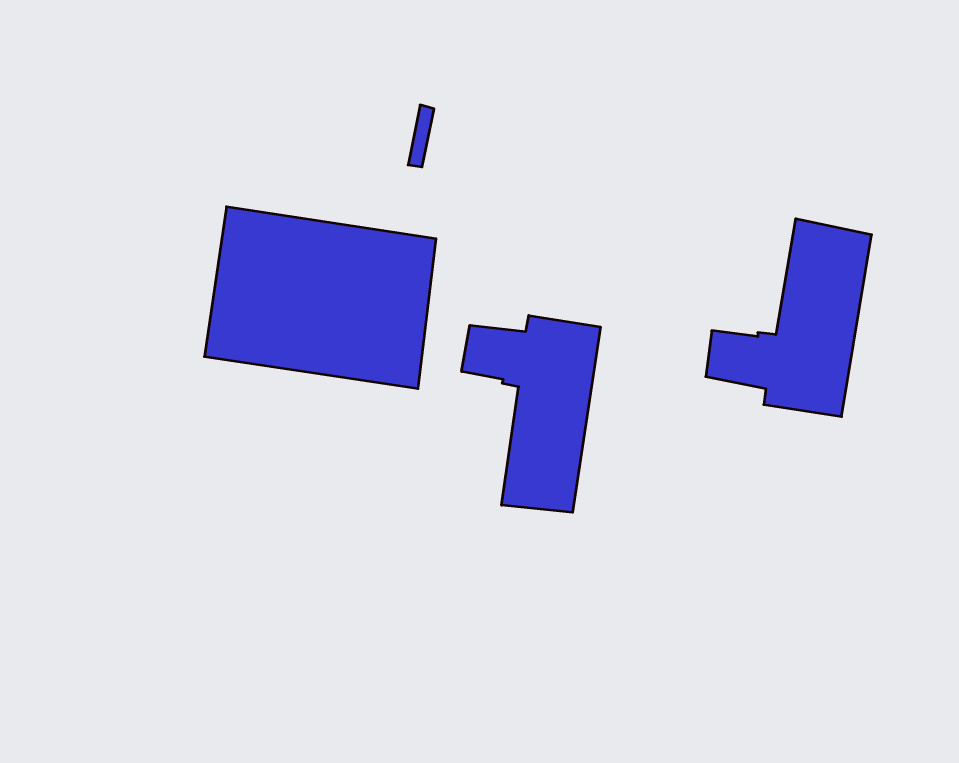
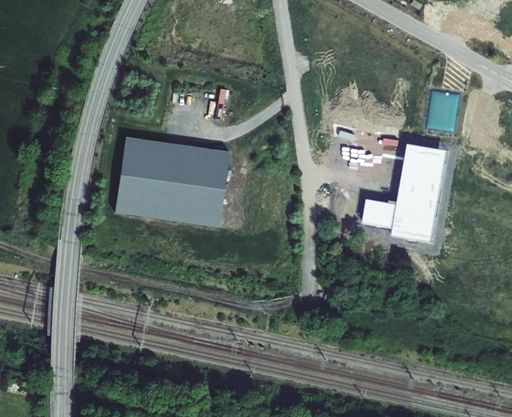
building: [462,315,600,512] -> none

